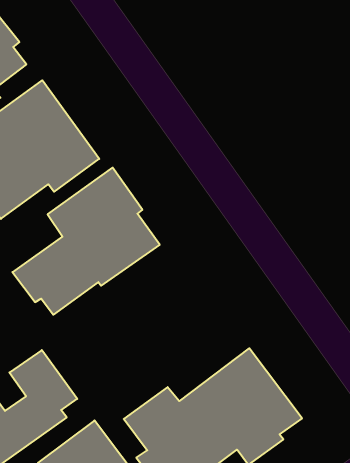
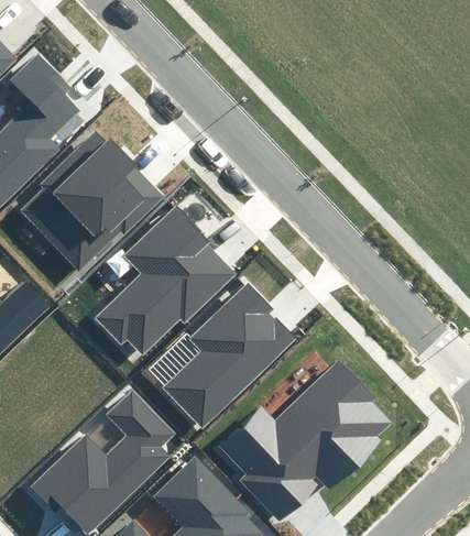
building: none -> [157,284,299,434]

